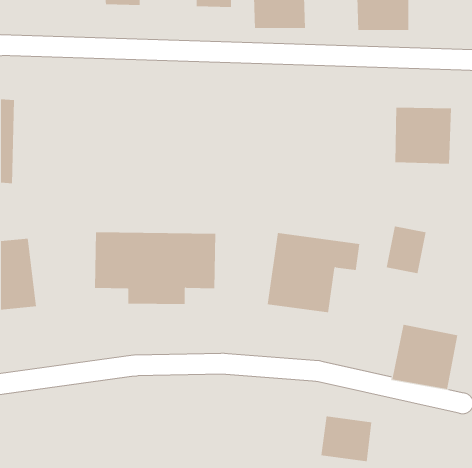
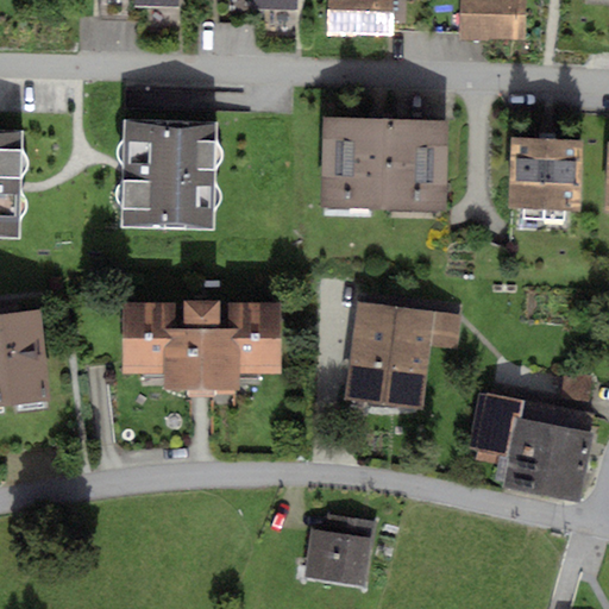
building: none -> [322,117,446,213]
building: none -> [118,119,215,230]
building: [386,226,426,274] -> [469,393,521,454]
building: [320,416,372,462] -> [307,526,373,585]

